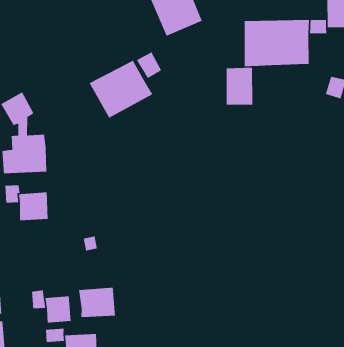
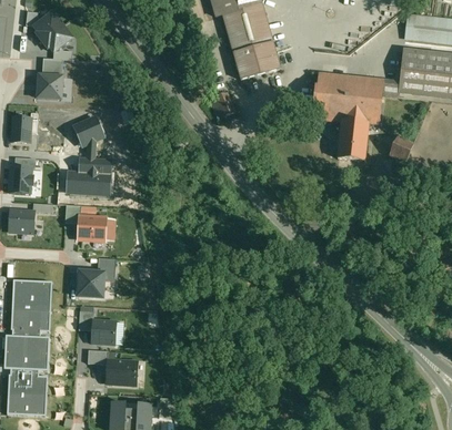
building: [88,59,153,119] -> none
building: [226,67,253,105] -> [337,120,368,160]
building: none -> [74,268,104,299]
building: [78,287,116,318] -> none

